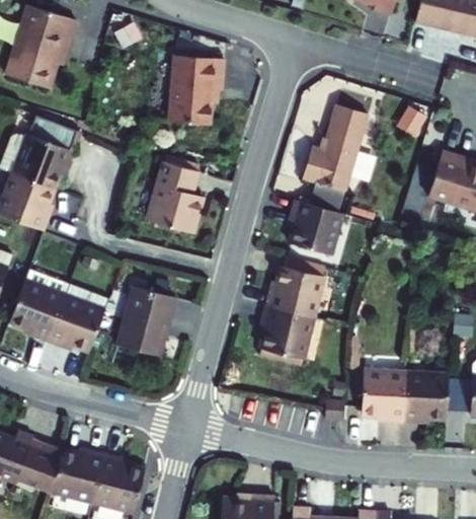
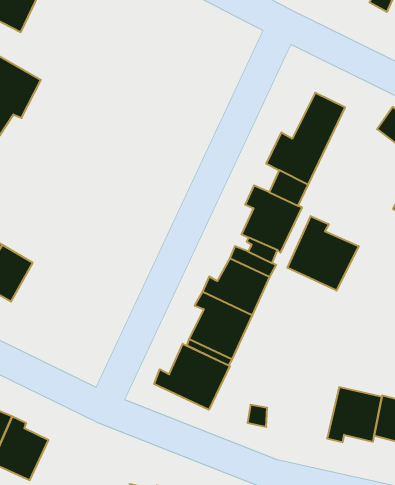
building: [171,57,229,127] -> none
building: [144,160,200,231] -> none
building: none -> [288,216,359,291]
building: [113,286,172,356] -> none
building: none -> [154,344,230,410]
building: [360,370,406,423] -> none

